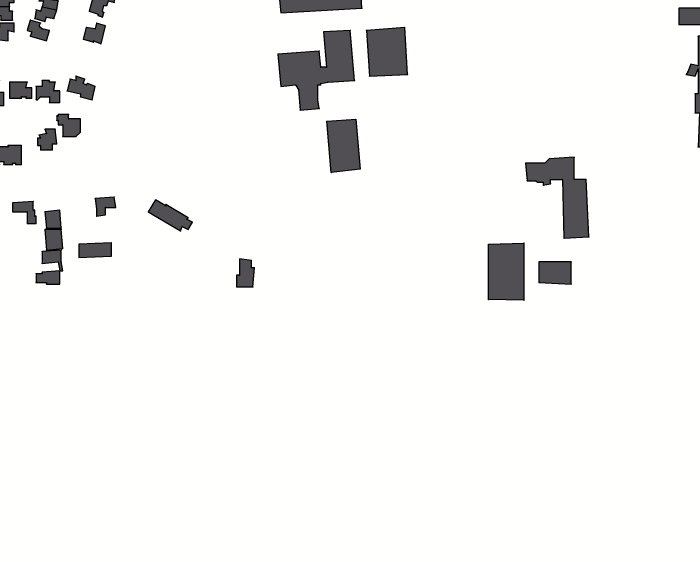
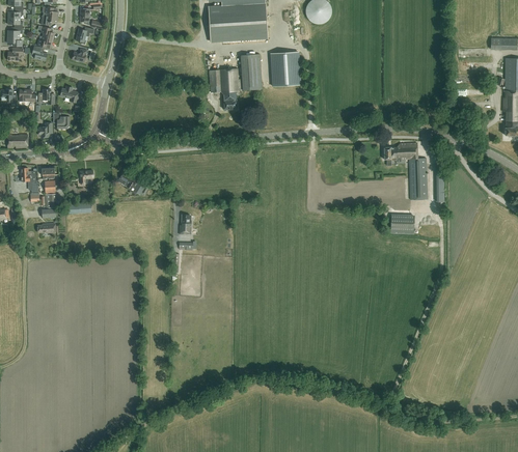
building: [327,119,360,173] -> none
building: [488,243,524,300] -> none

